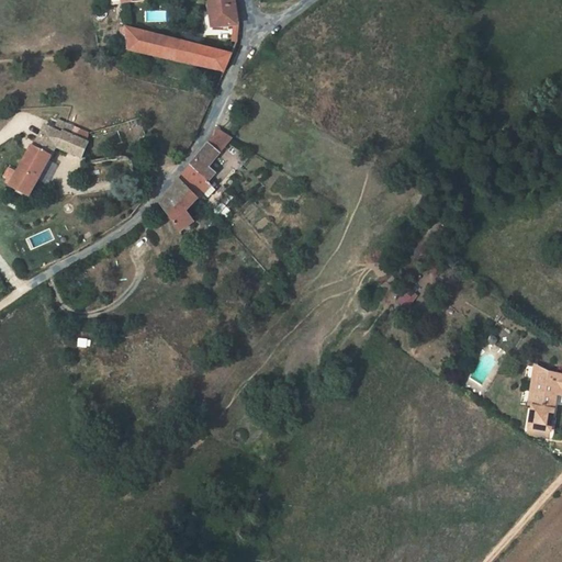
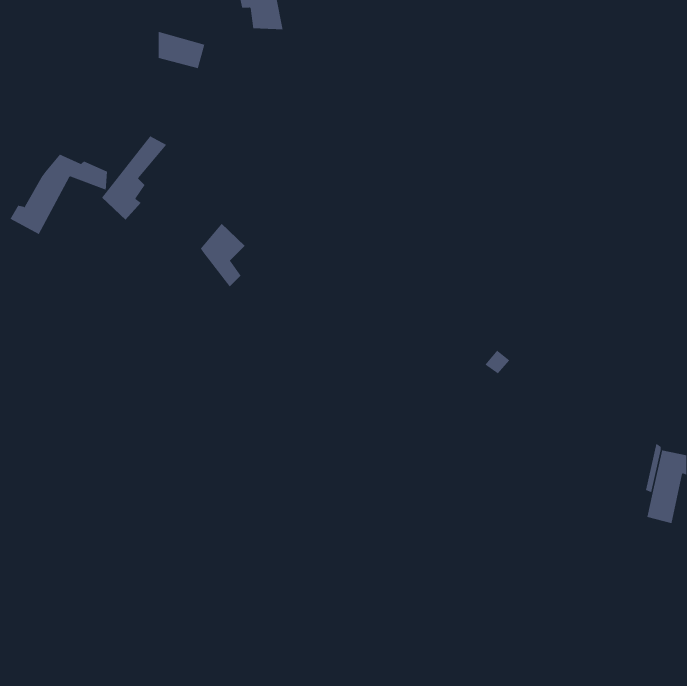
building: [161,36,224,71] -> none
building: [180,131,234,200] -> [101,135,167,220]

